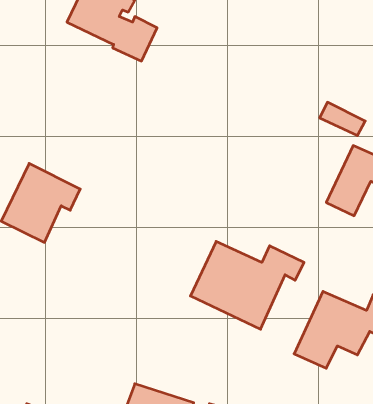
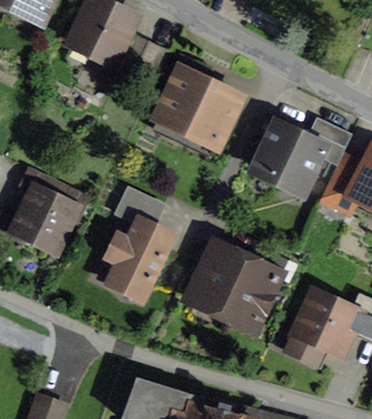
building: none -> [154,56,236,152]
building: none -> [253,128,321,193]
building: none -> [108,191,169,300]

